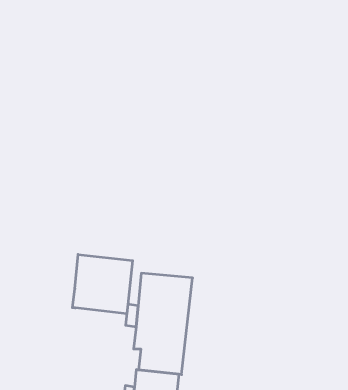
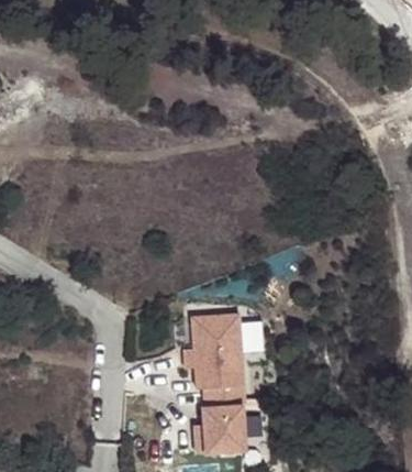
building: [72,254,133,314] -> none

